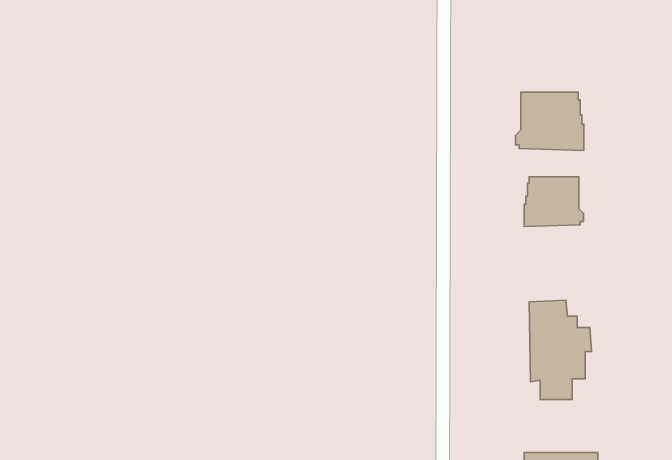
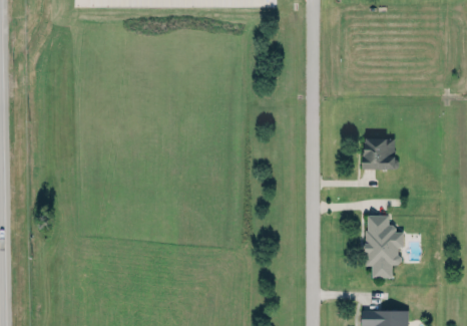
building: [515,92,584,150] -> none

